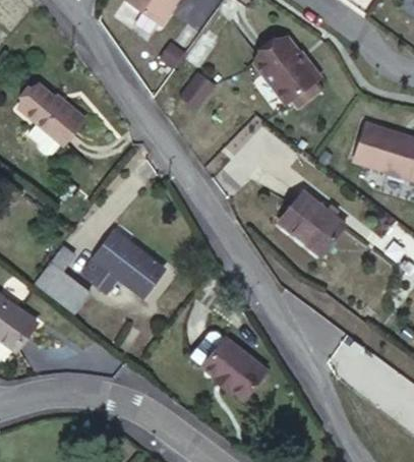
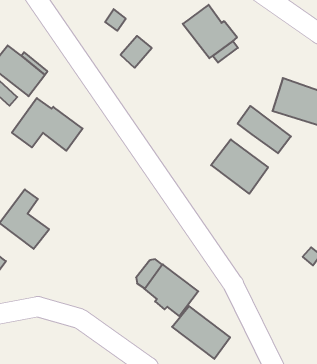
building: none -> [238,106,291,153]
building: [79,237,163,299] -> [12,98,83,151]
building: none -> [172,306,230,359]

